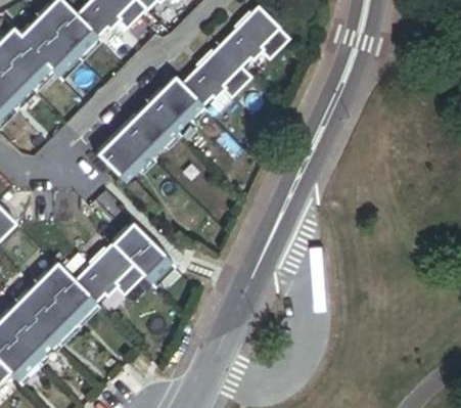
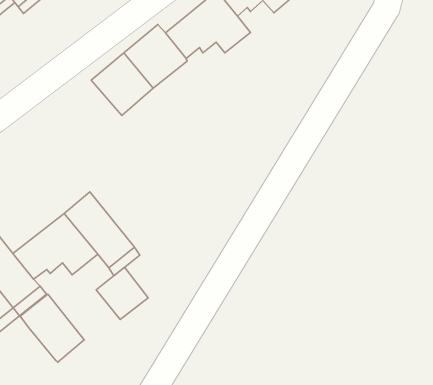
building: [97,130,151,183] -> none
building: none -> [96,267,148,319]
building: none -> [20,294,84,362]

